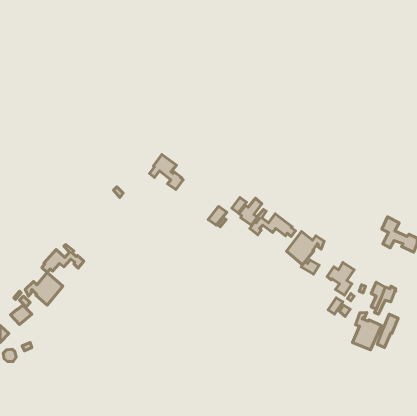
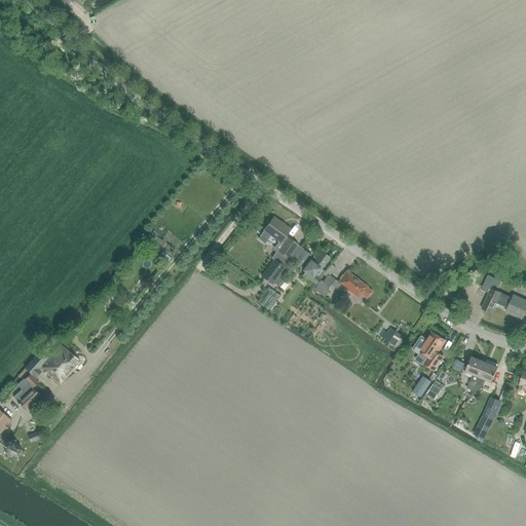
building: [150,155,183,190] -> [258,215,300,259]
building: [286,232,324,265] -> none
building: [42,245,84,272] -> none
building: [352,313,382,350] -> none

